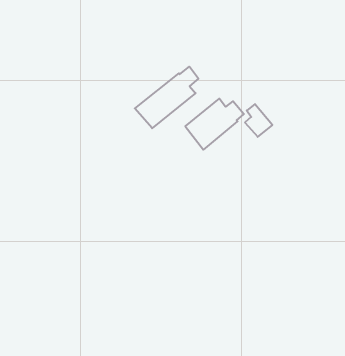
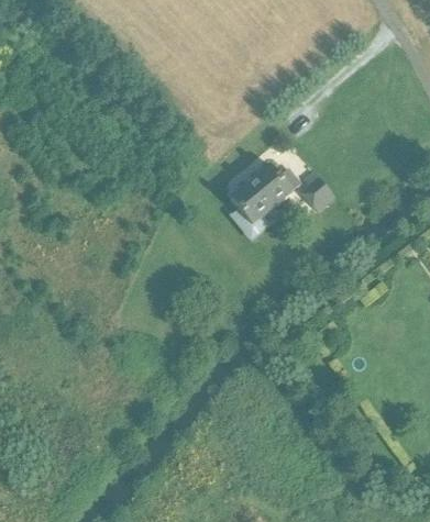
building: [135,67,198,128] -> none

